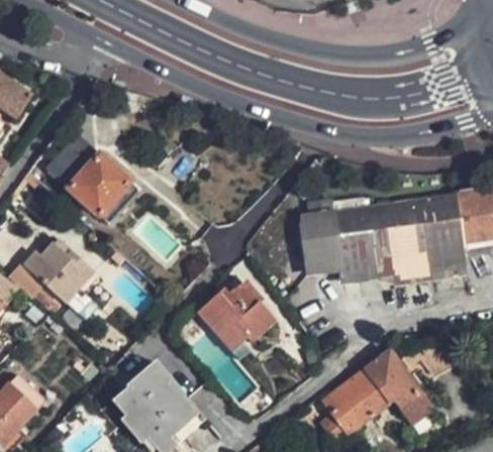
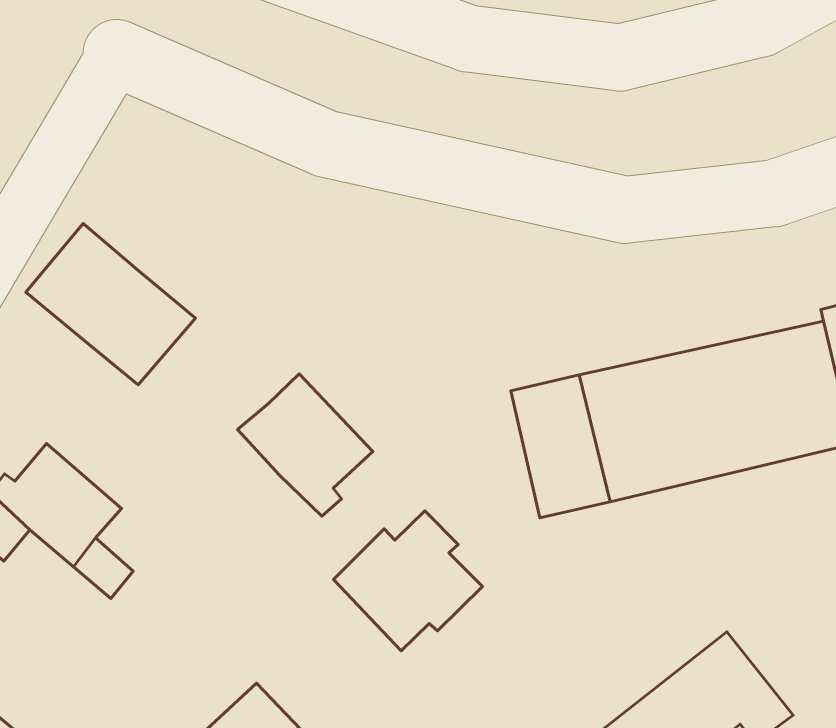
building: none -> [237,374,373,516]

